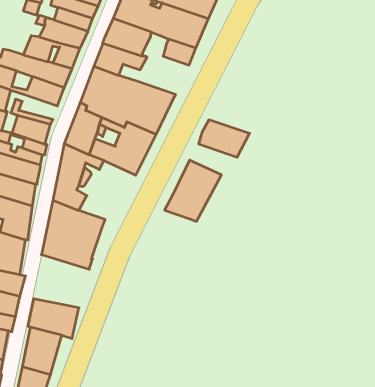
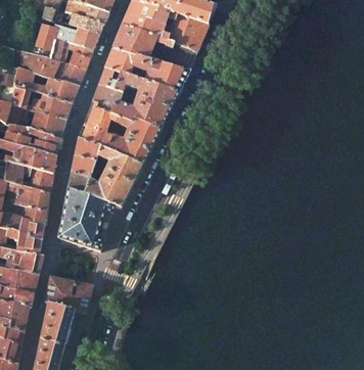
building: none -> [37,93,72,115]
building: [199,120,250,157] -> [143,59,189,93]
building: [165,160,221,221] -> [91,152,142,207]

